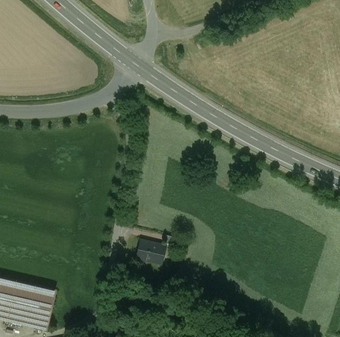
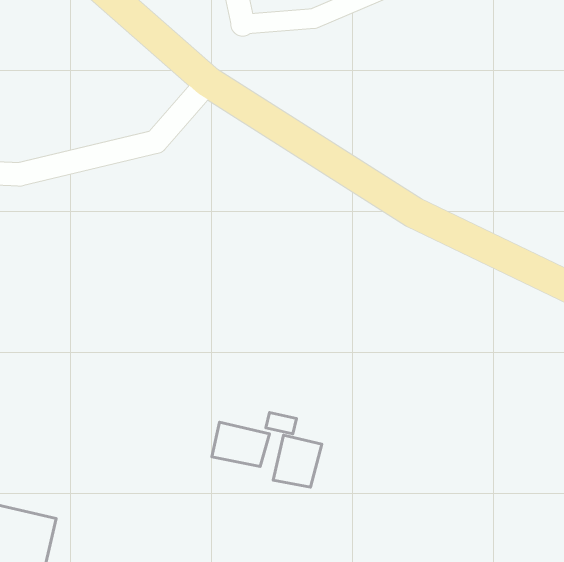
building: none -> [273,435,322,487]

